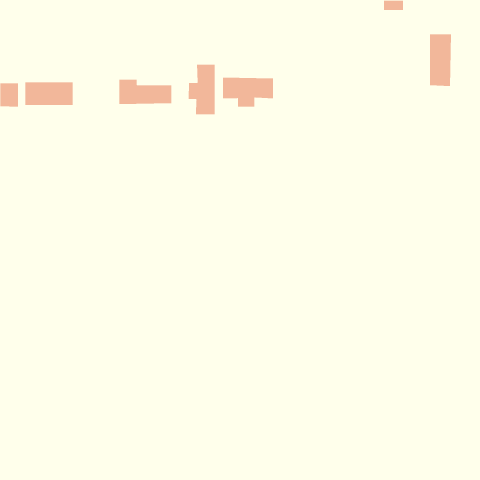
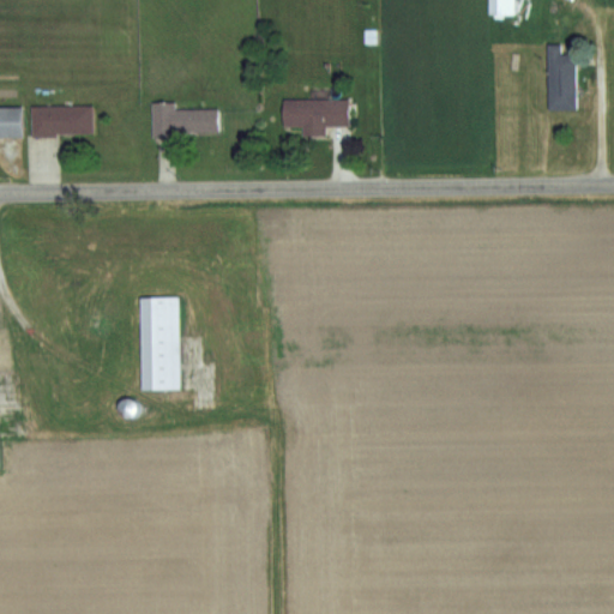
building: [188,64,215,115] -> none
building: none -> [140,297,181,390]

